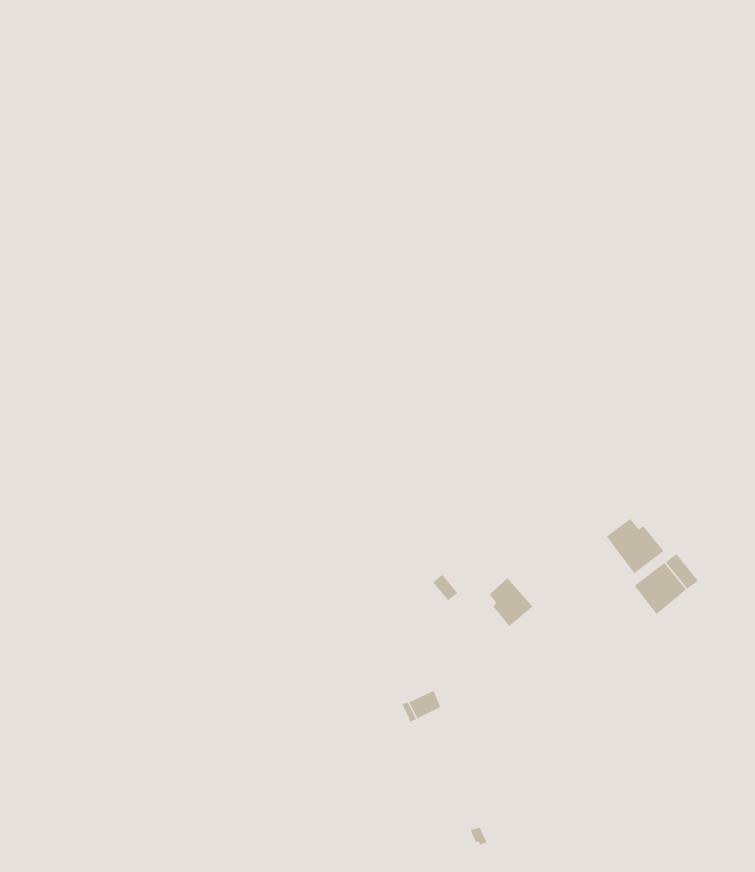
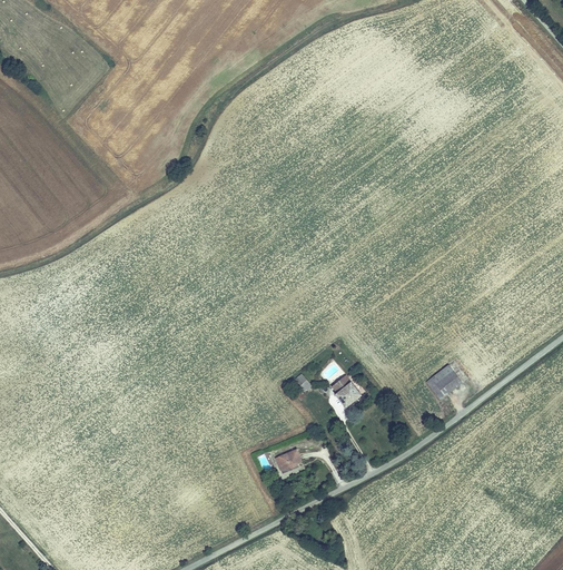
building: [606,518,664,574] -> none

